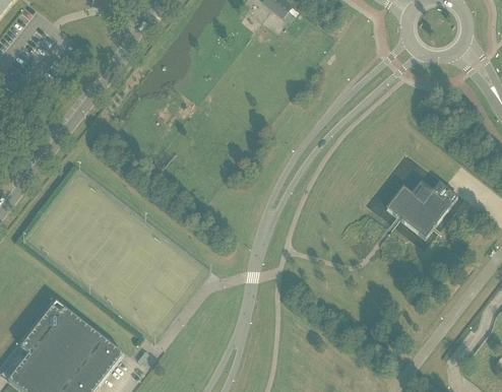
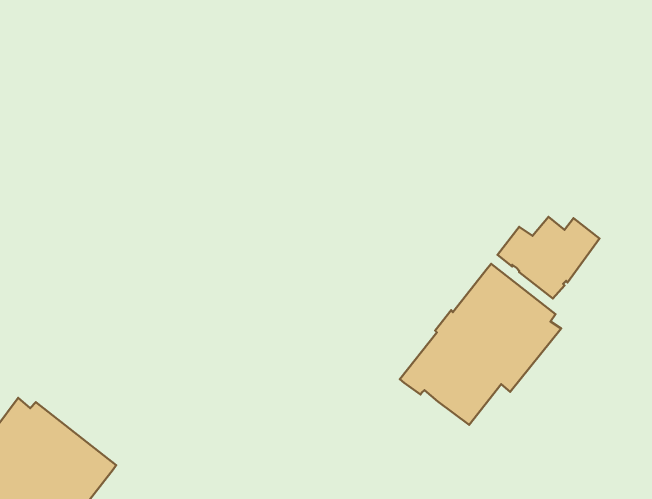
building: none -> [400,264,561,425]

